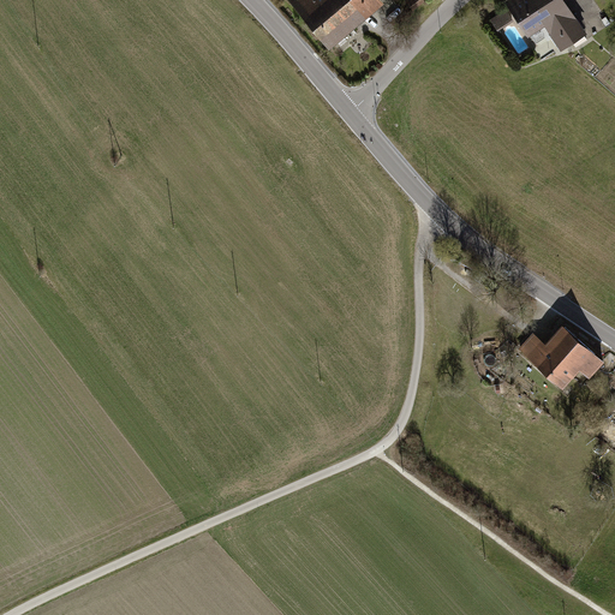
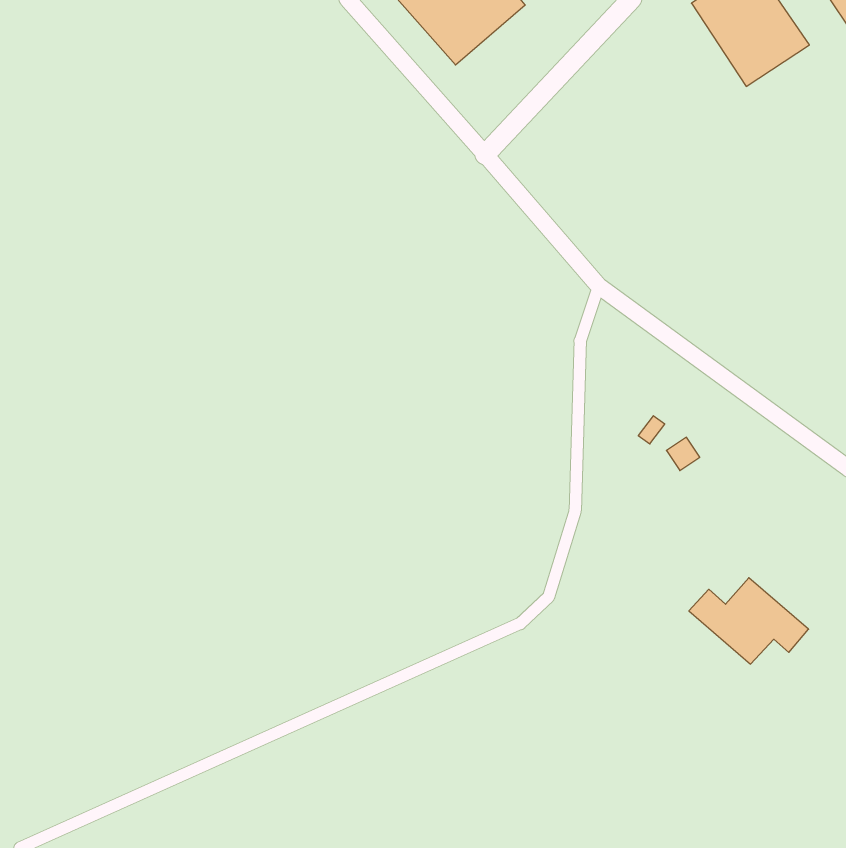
building: [520,323,607,386] -> [689,578,809,664]

